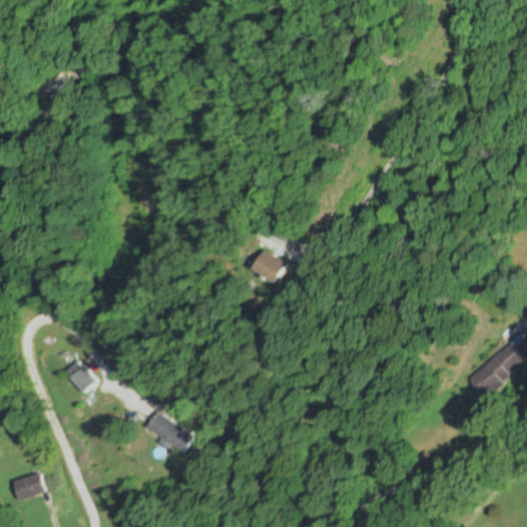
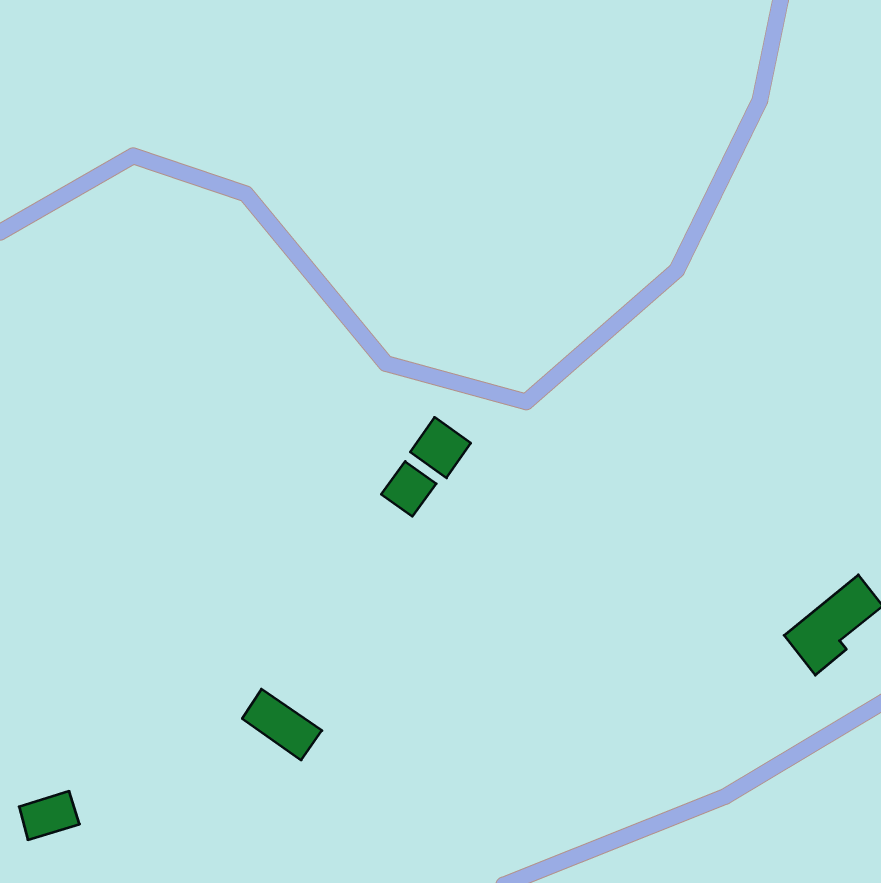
building: none -> [381,461,436,516]
building: [67,359,99,391] -> none

